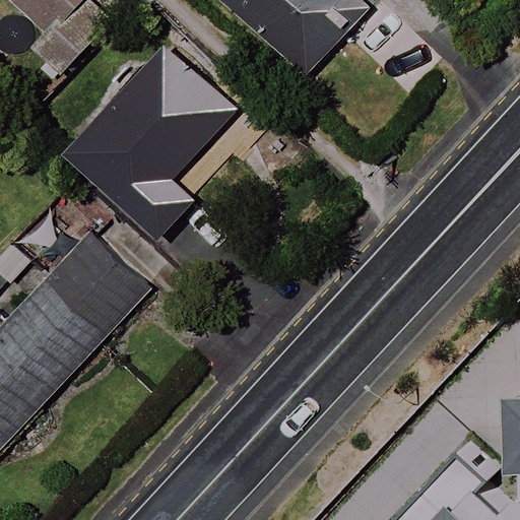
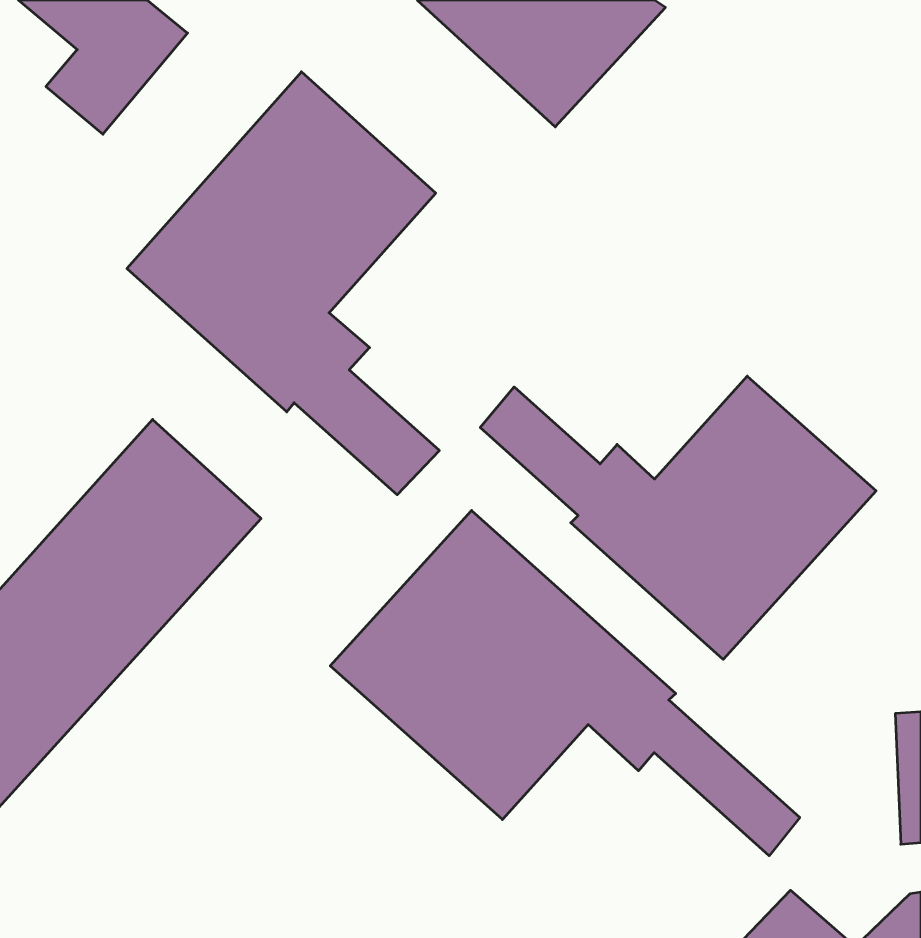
building: none -> [480,376,876,659]
building: none -> [330,510,800,856]

